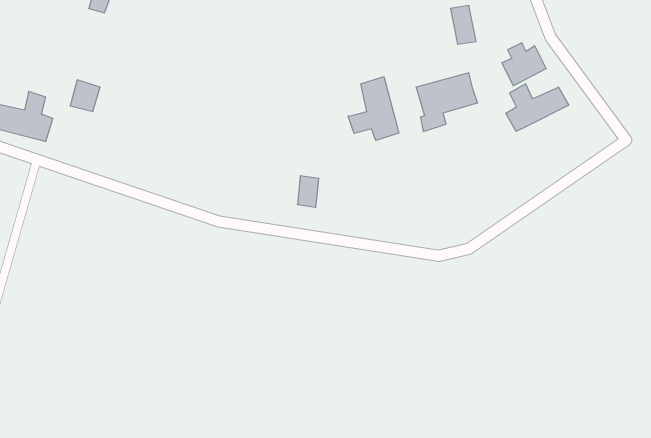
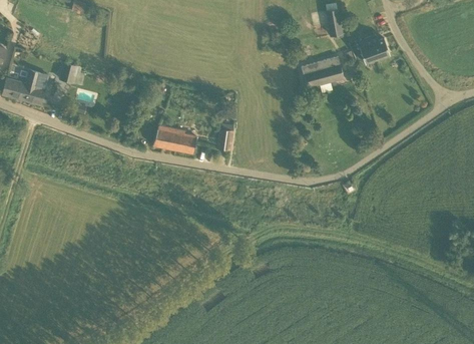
building: [348,77,399,141] -> none
building: [506,84,569,131] -> none
building: none -> [152,126,197,152]

